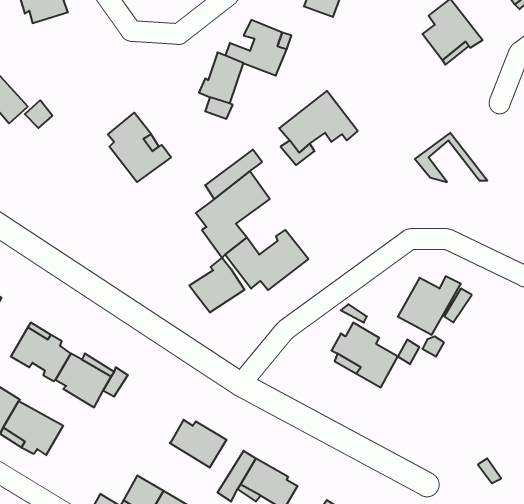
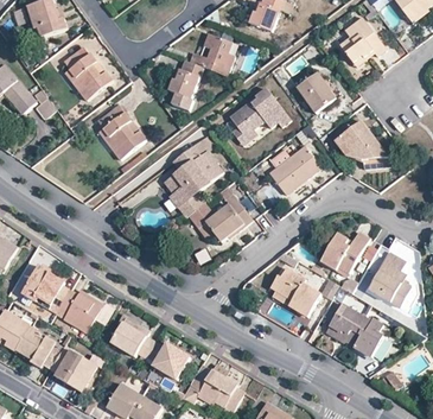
building: none -> [63,46,110,99]
building: none -> [297,71,339,113]
building: none -> [344,126,389,174]
building: none -> [268,145,320,195]
building: [189,258,244,313] -> none
building: none -> [368,249,410,306]
building: none -> [326,304,383,356]
building: none -> [110,312,155,357]
building: none -> [50,344,95,391]

